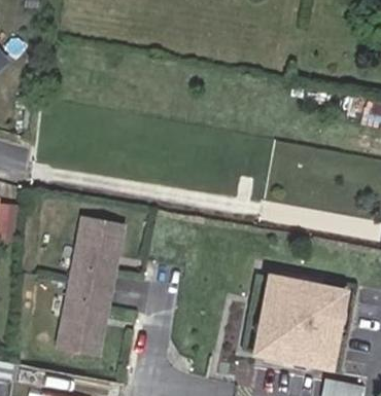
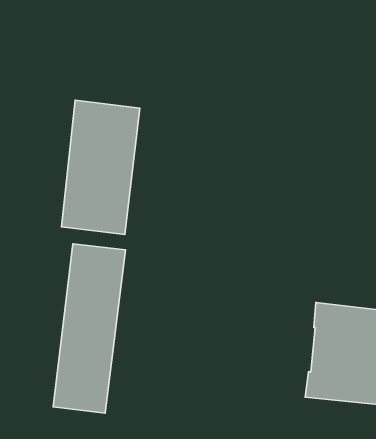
building: none -> [62,100,140,234]

